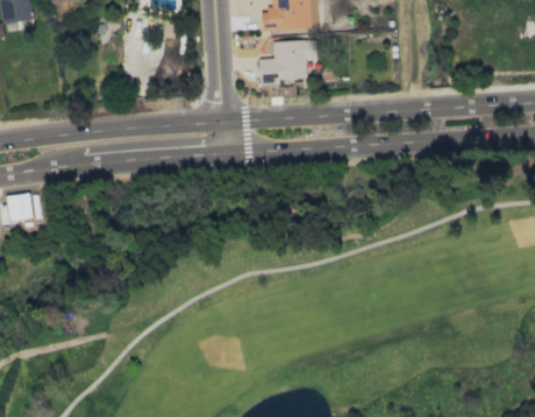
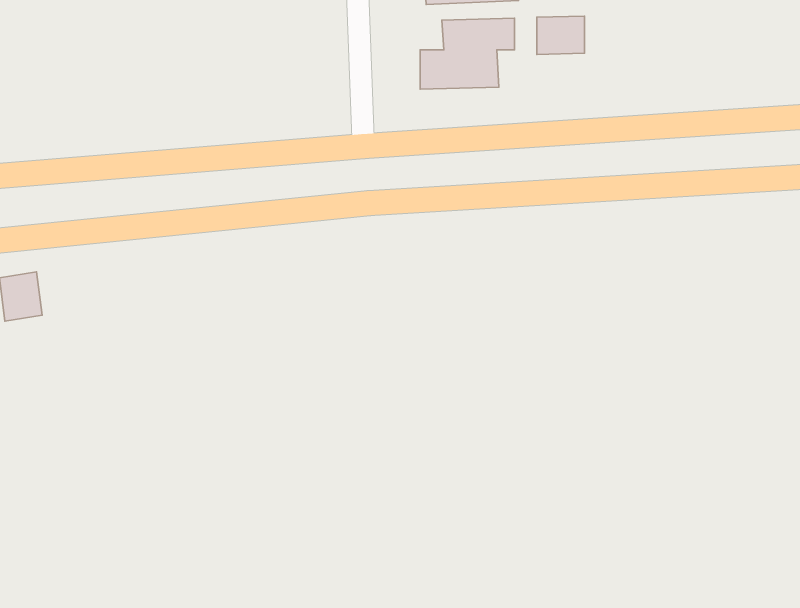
building: none -> [537,16,585,54]

